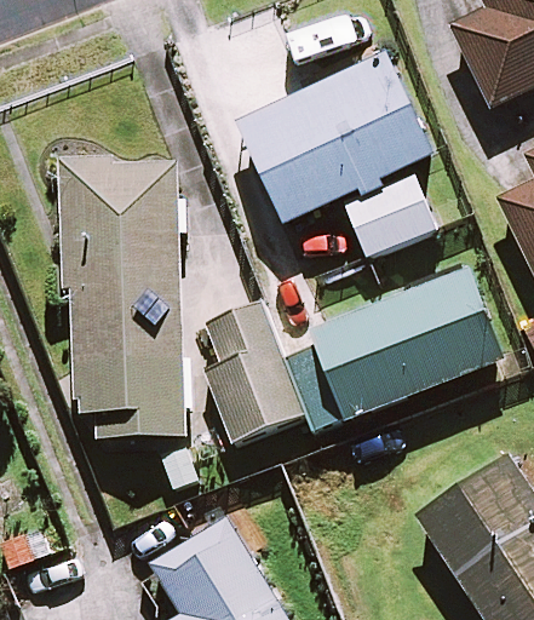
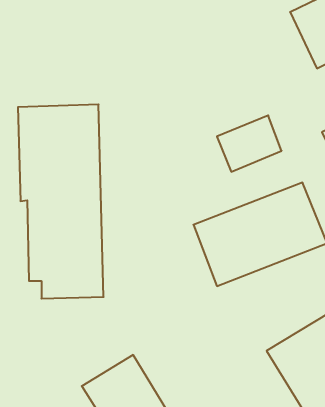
building: [239,57,427,222] -> none
building: [206,304,300,440] -> none

